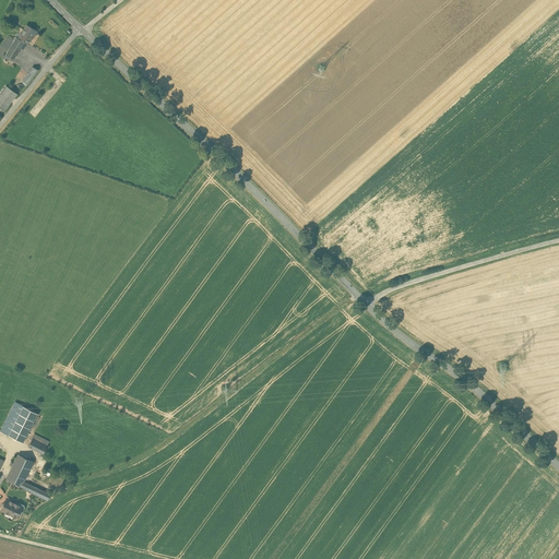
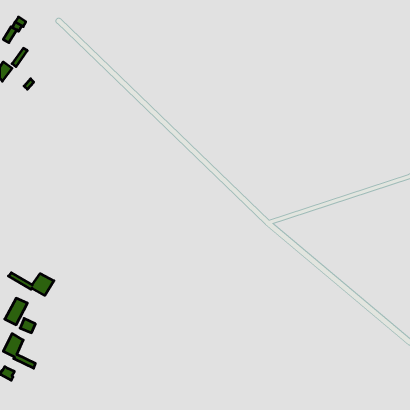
building: none -> [8,273,54,295]

